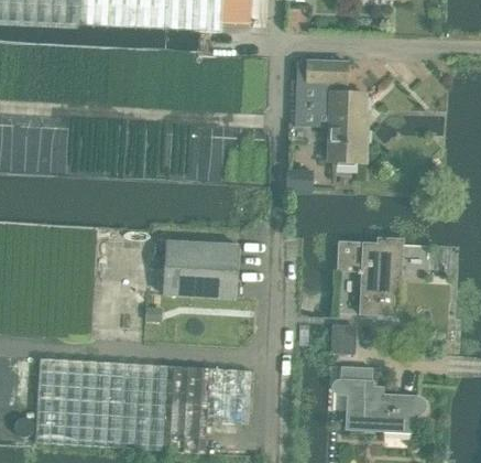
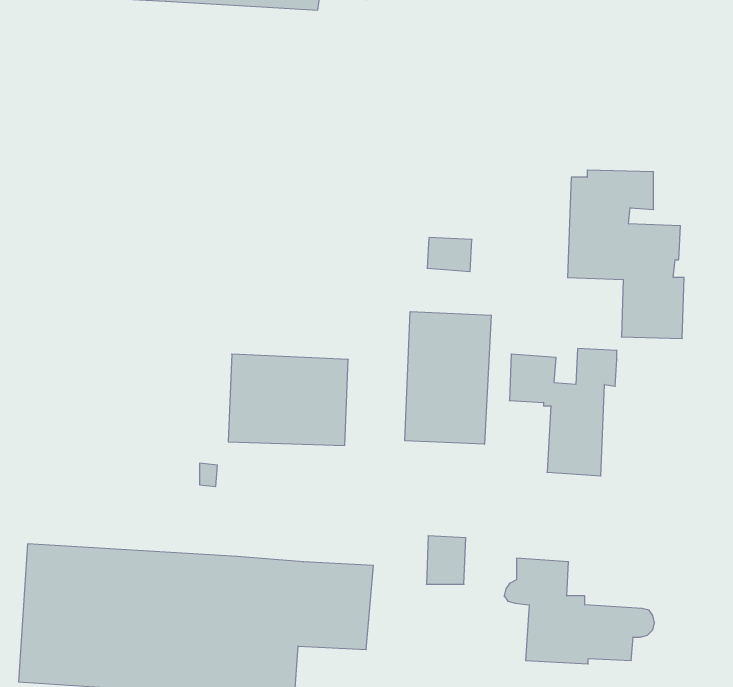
building: [294,60,365,163] -> [568,170,684,339]
building: none -> [405,312,491,444]
building: [332,325,357,355] -> [426,536,466,584]

